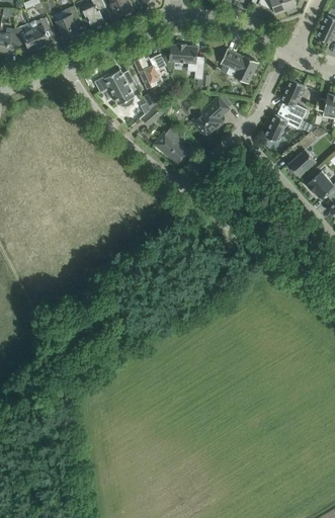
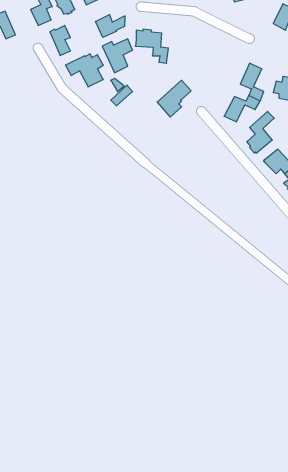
building: [29,16,52,49] -> [50,25,70,56]
building: none -> [96,14,125,37]
building: [221,49,258,83] -> none
building: [155,131,188,163] -> none

